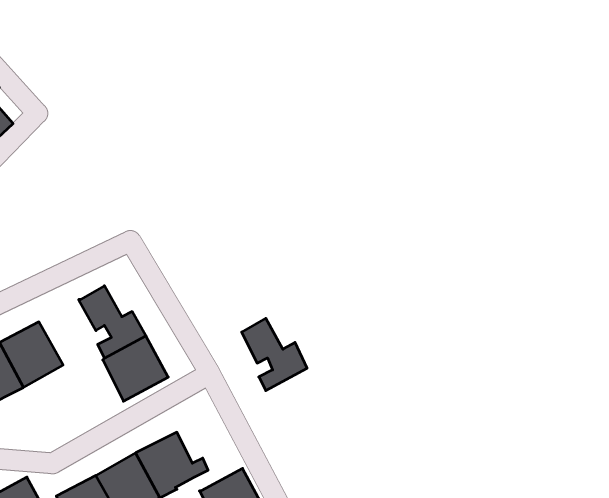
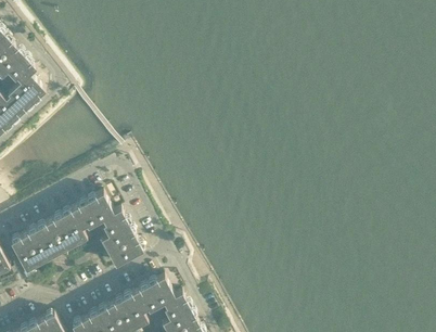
building: none -> [60,203,105,244]
building: [242,318,307,391] -> [146,278,188,323]

